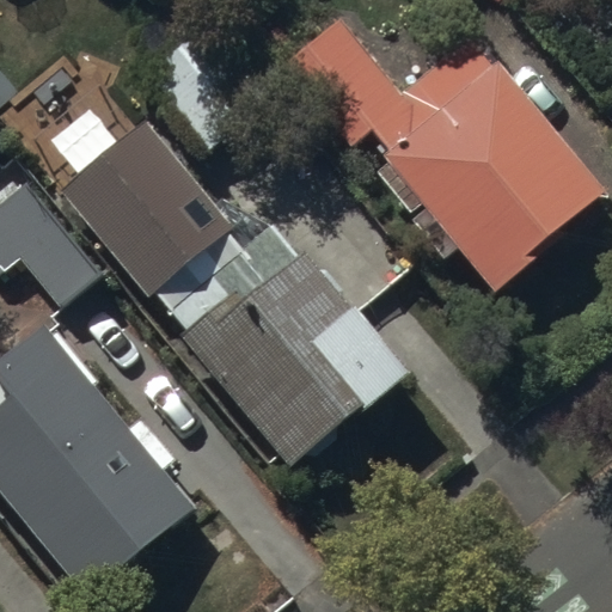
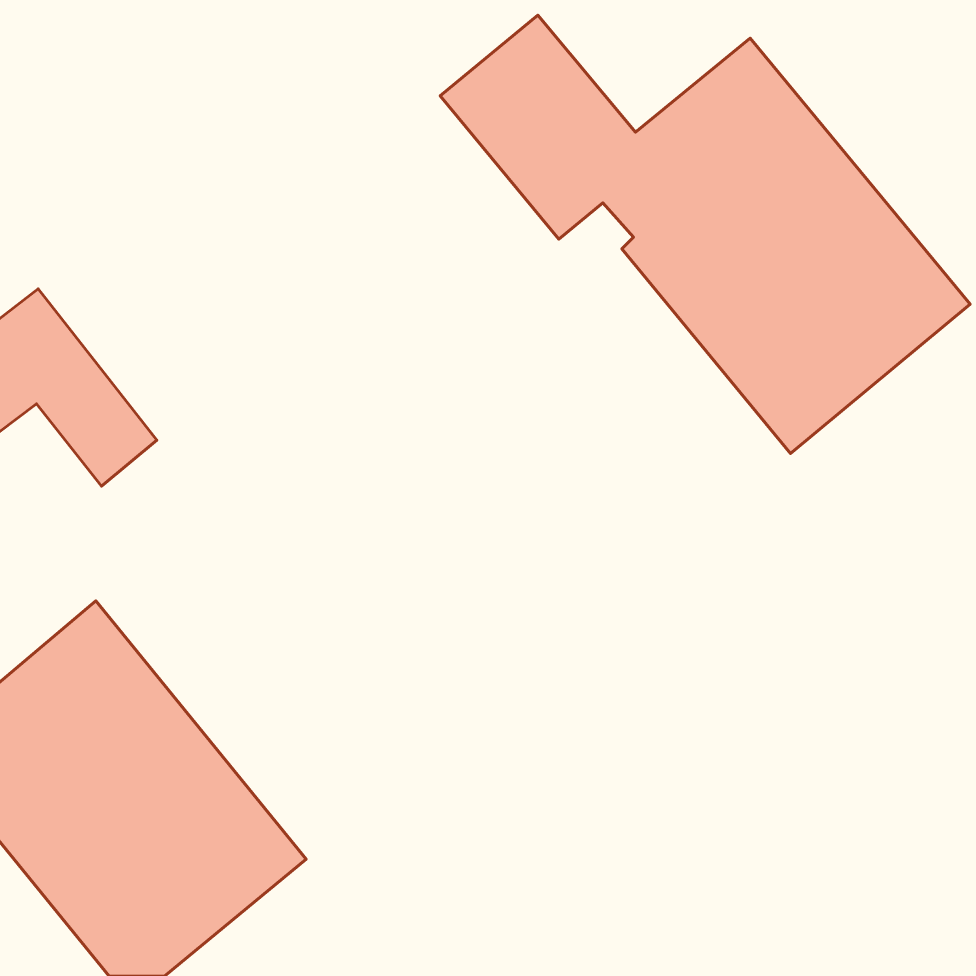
building: [61,121,231,293] -> none
building: [178,244,402,463] -> none

